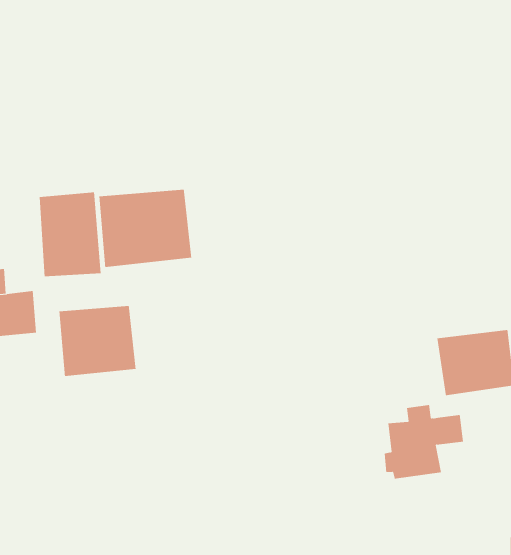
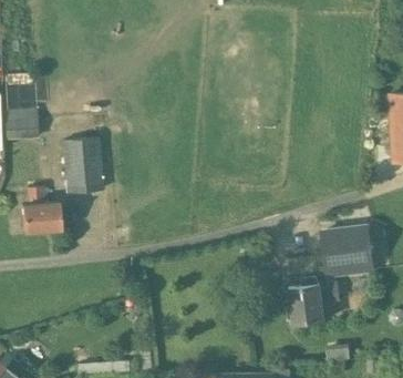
building: [99,189,192,268] -> none
building: [59,305,136,377] -> none

